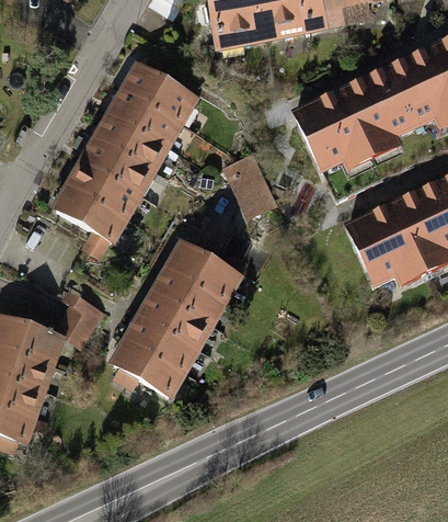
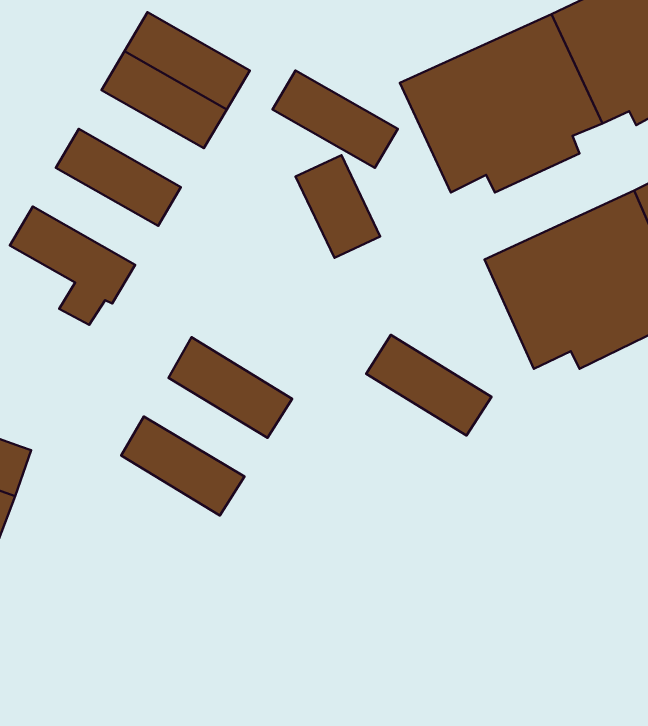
building: [93,110,171,170] -> [273,71,398,168]
building: [65,158,142,218] -> none
building: [163,239,241,302] -> [366,335,491,436]
building: [57,288,106,347] -> none
building: [134,288,210,350] -> none
building: [104,337,181,398] -> none

